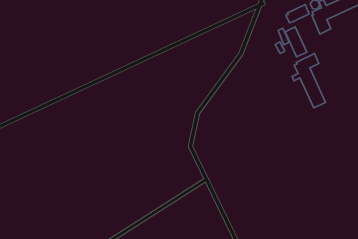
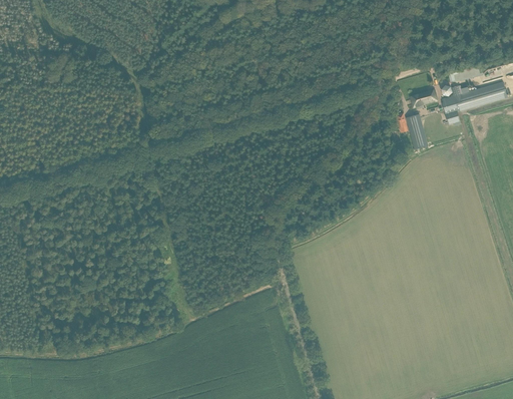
building: [292,54,326,108] -> none

